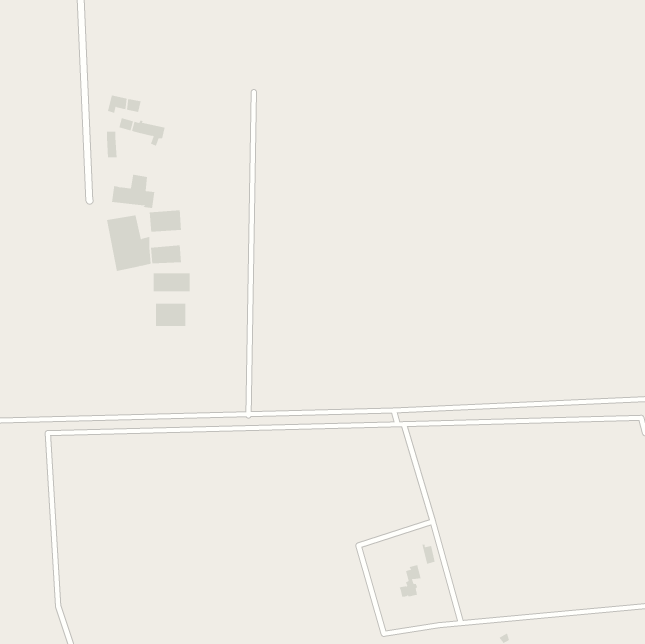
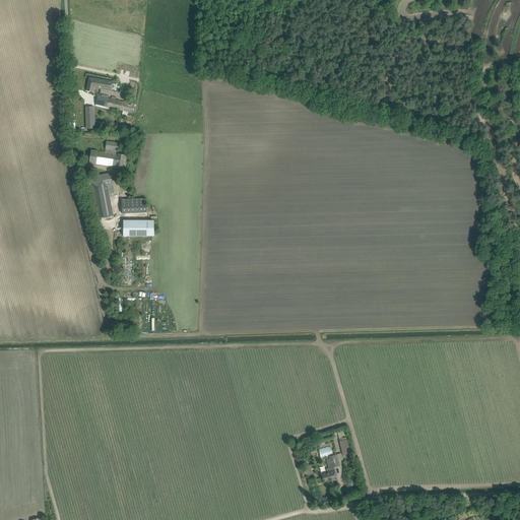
building: [149,210,182,233] -> none
building: [155,303,186,327] -> none

